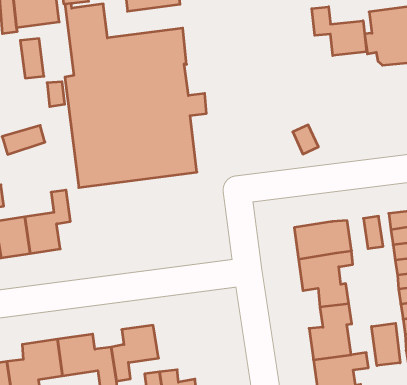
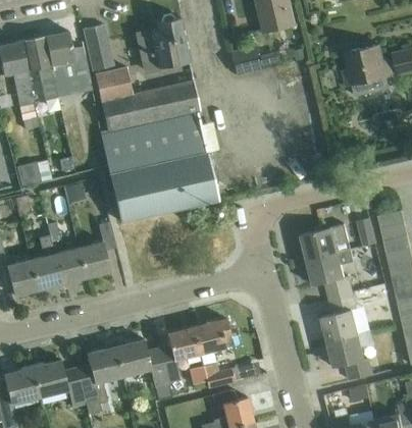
building: [312,7,367,56] -> none
building: none -> [193,318,231,354]
building: [372,323,400,366] -> none

